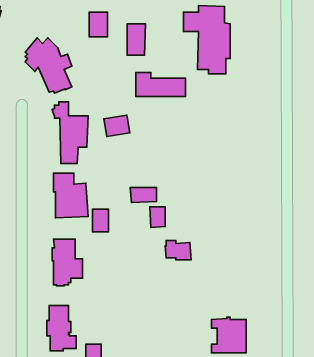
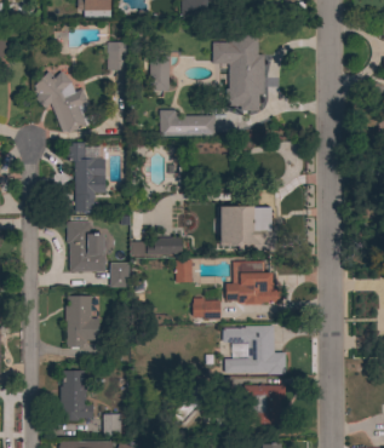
building: [104,115,130,137] -> none
building: none -> [219,206,270,251]
building: none -> [225,260,281,304]
building: none -> [223,324,290,374]

